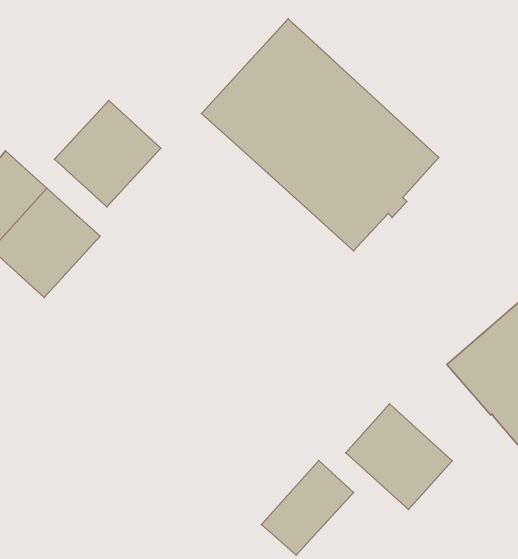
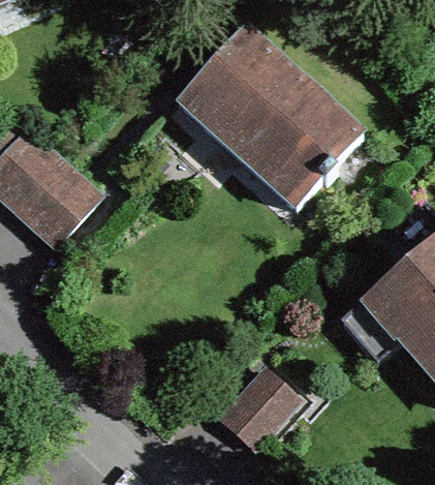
building: [55,100,161,207] -> none
building: [346,404,452,509] -> none

